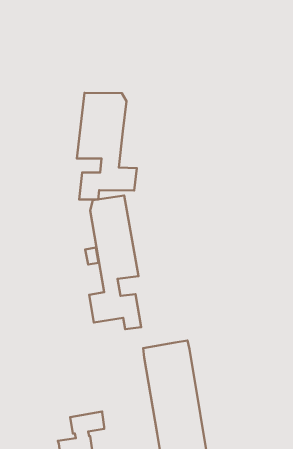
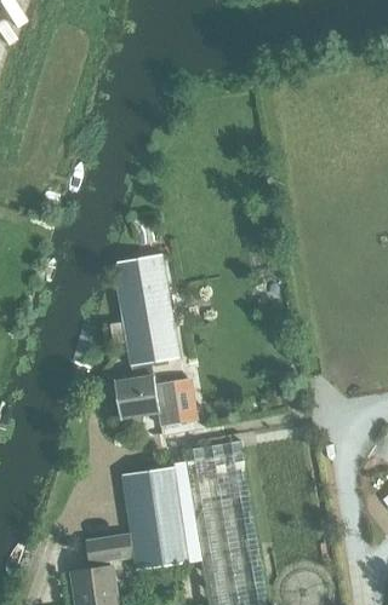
building: [77,93,137,200] -> none
building: none -> [127,465,192,565]

